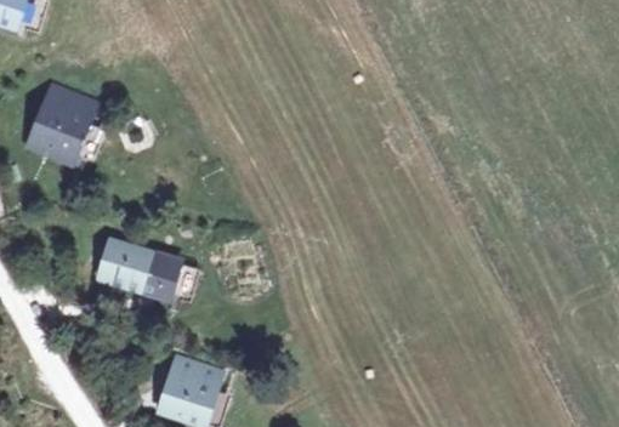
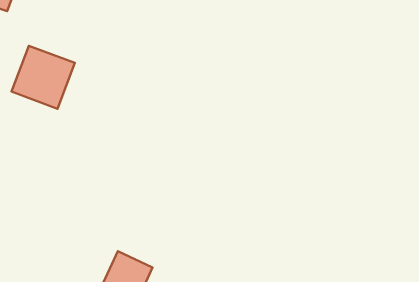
building: [95,235,181,301] -> none

